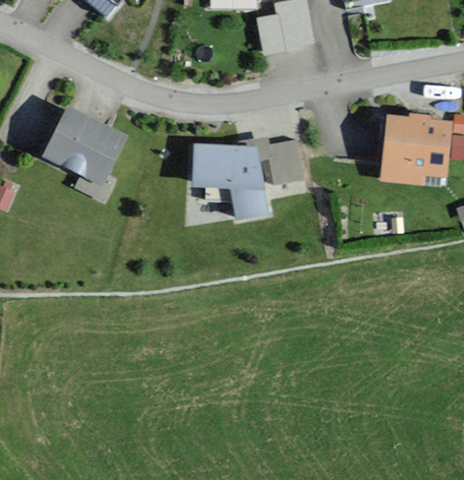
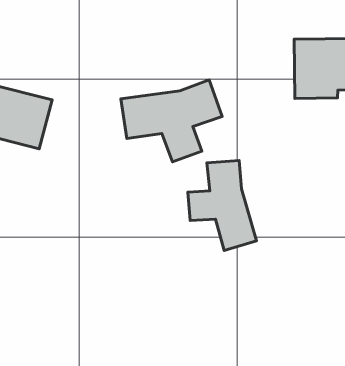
building: none -> [188,161,256,250]

